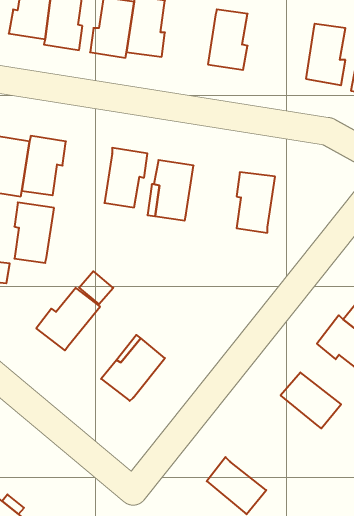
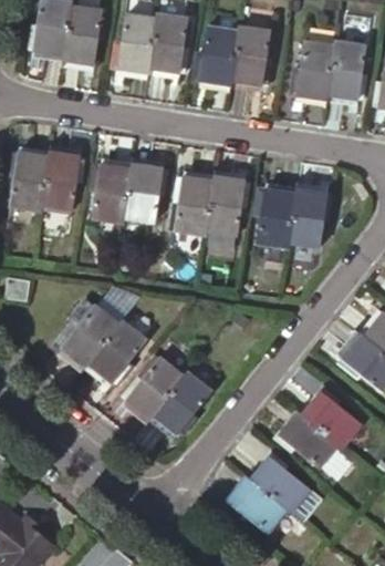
building: none -> [191,24,236,85]
building: none -> [290,39,334,100]
building: none -> [206,176,250,236]
building: none -> [288,188,332,248]
building: [14,202,54,263] -> [92,164,132,225]
building: none -> [87,319,146,385]
building: none -> [153,371,211,438]
building: none -> [278,410,337,467]
building: none -> [250,455,310,512]

